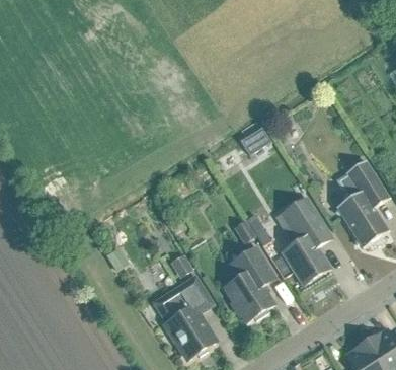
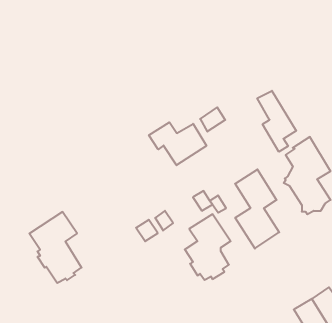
building: none -> [257,91,296,152]
building: none -> [149,122,206,165]
building: [157,278,216,358] -> [29,212,82,283]

